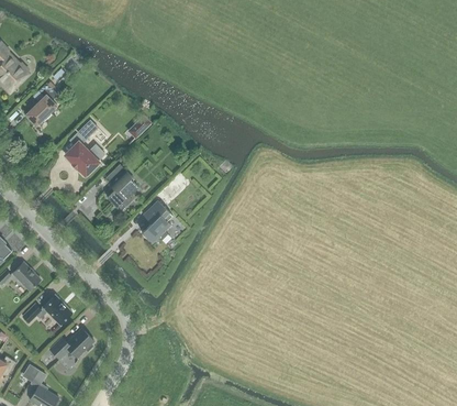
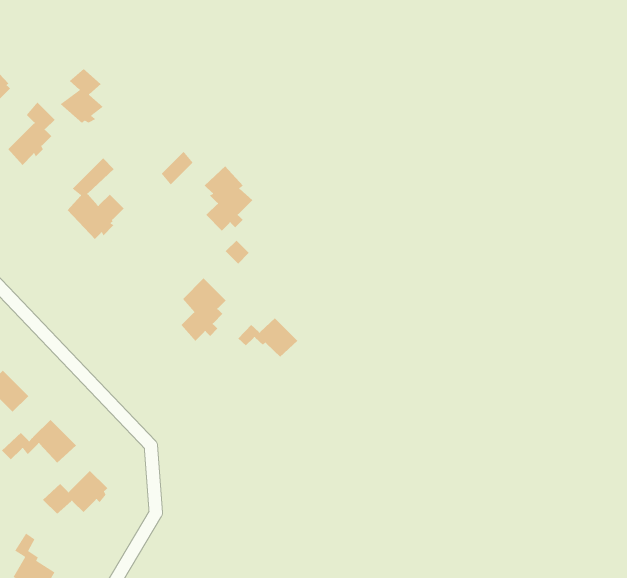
building: none -> [60,68,104,124]
building: [105,164,138,208] -> [204,166,253,231]
building: none -> [237,317,298,358]

